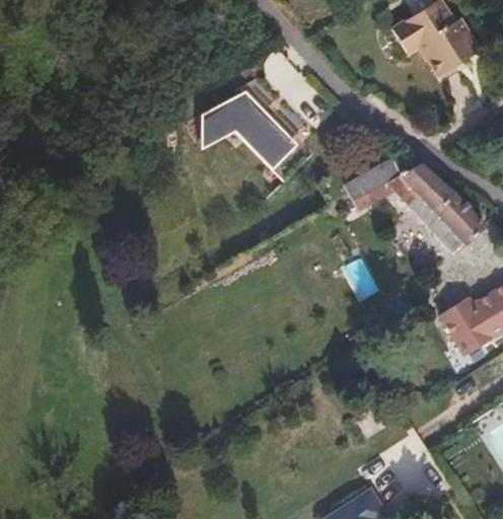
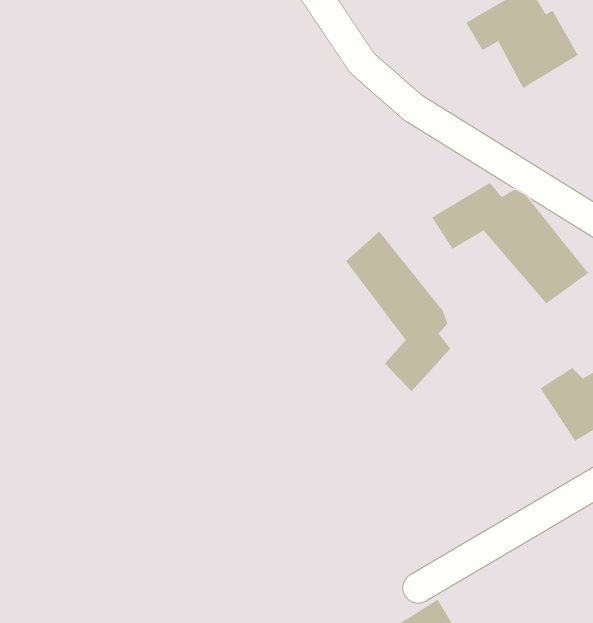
building: [200,92,295,170] -> none
building: none -> [345,231,451,392]

